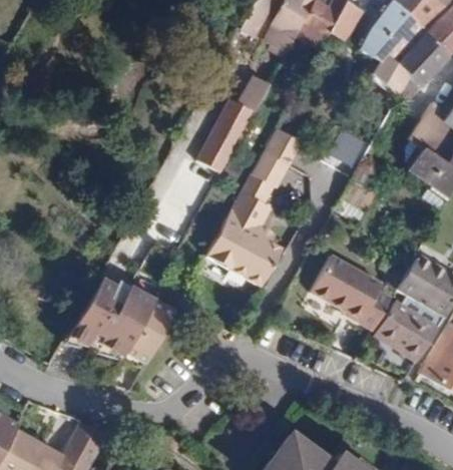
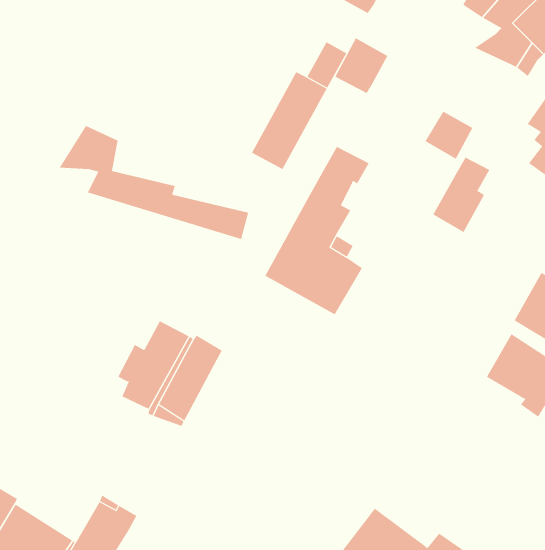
building: [262,125,303,168] -> [334,38,388,94]
building: none -> [59,125,249,240]
building: [307,260,392,330] -> none
building: [67,282,111,346] -> none

